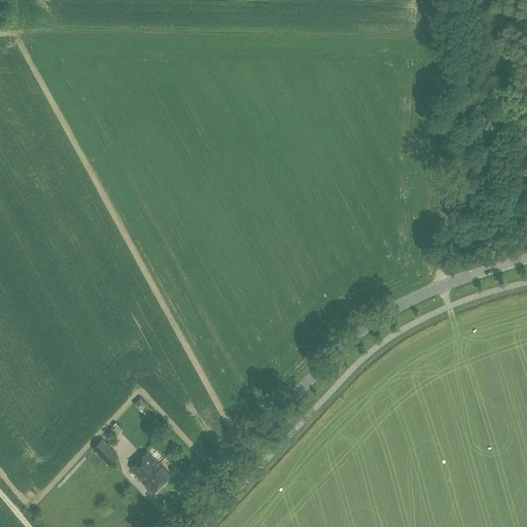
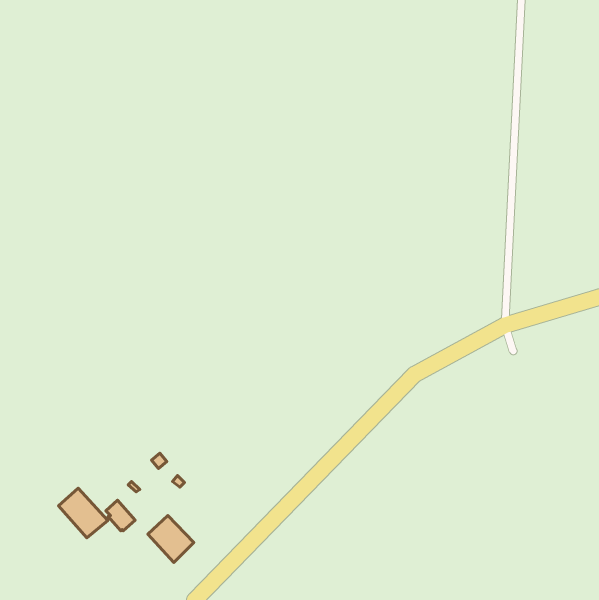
building: none -> [59,488,108,538]

